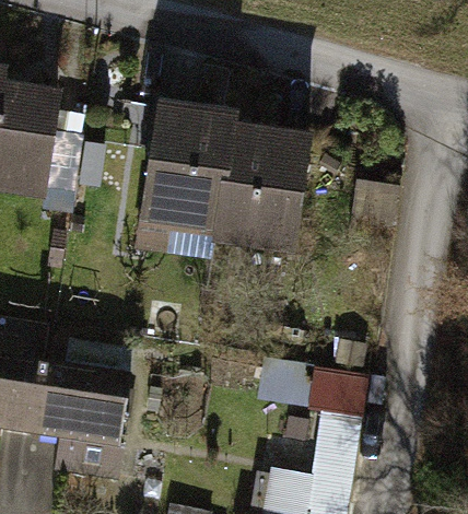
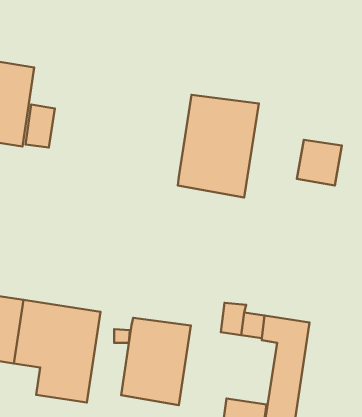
building: [136,108,233,253] -> none
building: none -> [121,318,191,405]

